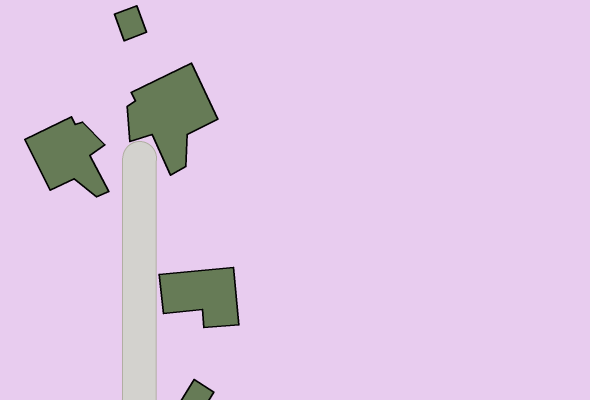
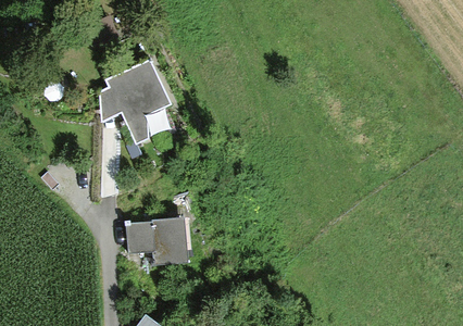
building: [25,117,109,197] -> none

